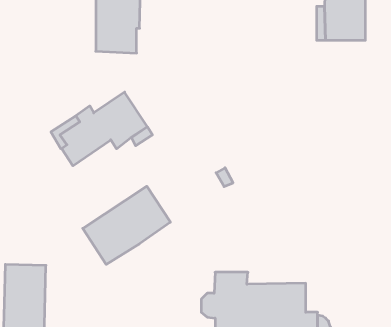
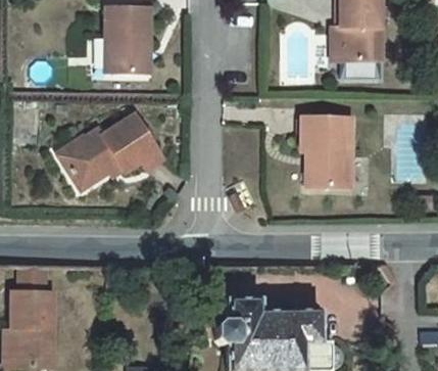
building: none -> [300,115,351,188]
building: [83,186,170,264] -> none

